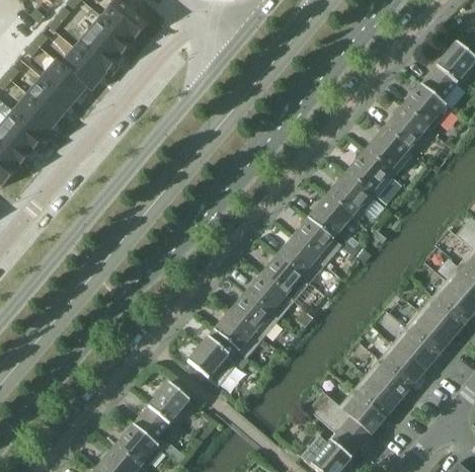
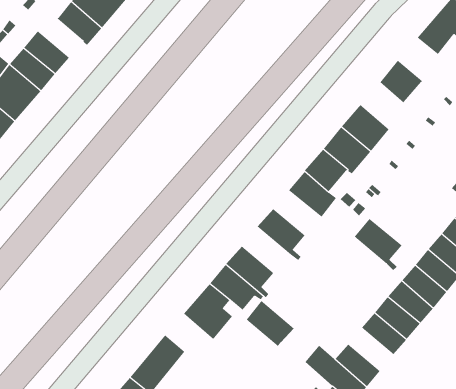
building: [42,59,87,103] -> none
building: [402,83,452,132] -> none
building: [365,128,413,175] -> none
building: [278,236,326,289] -> [354,218,402,271]
building: [246,272,295,319] -> [246,300,294,347]
building: [352,374,398,417] -> none

